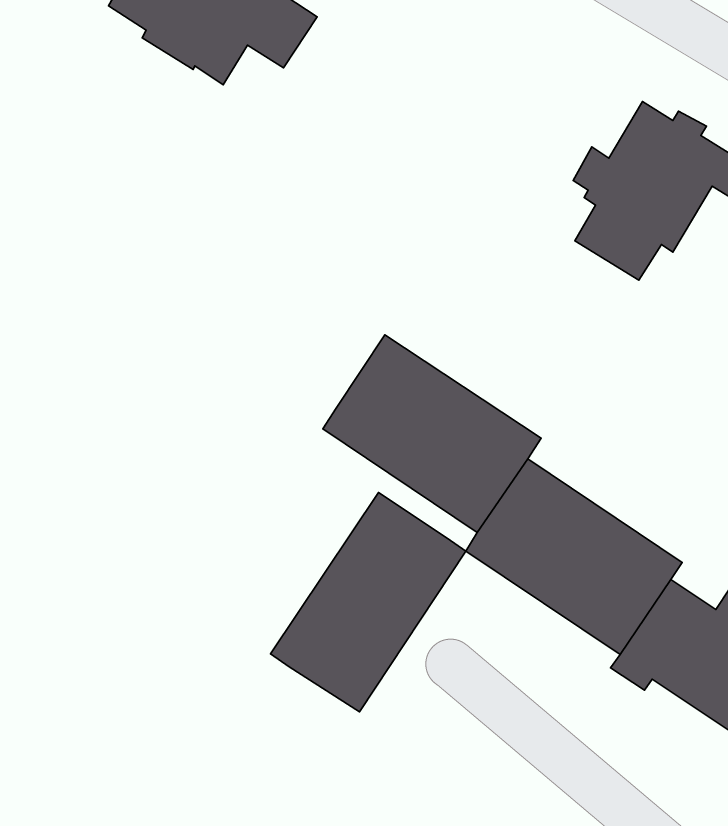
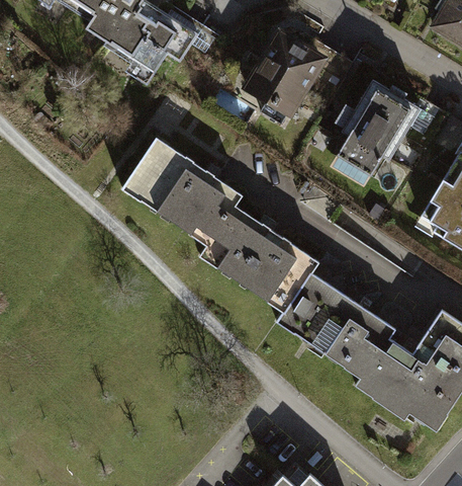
building: none -> [248,34,321,124]
building: none -> [123,138,242,245]
building: [270,492,466,712] -> none

